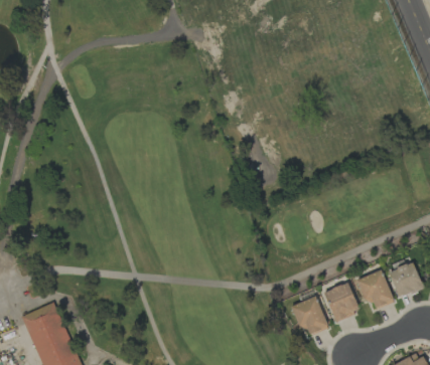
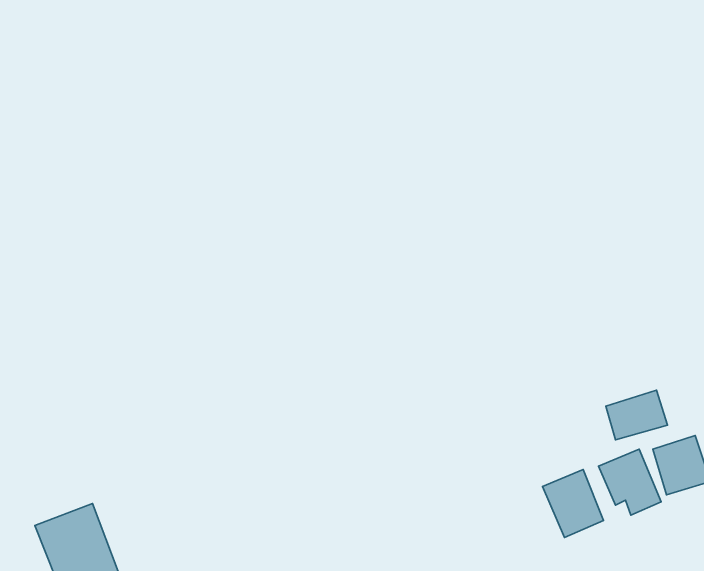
building: none -> [606,390,667,440]
building: [291,297,329,336] -> none

